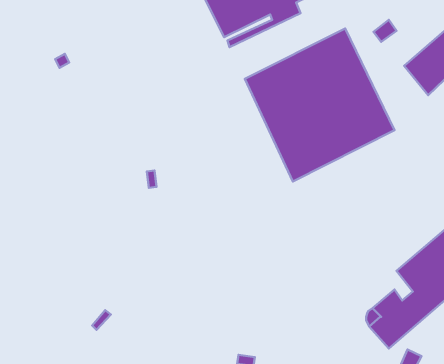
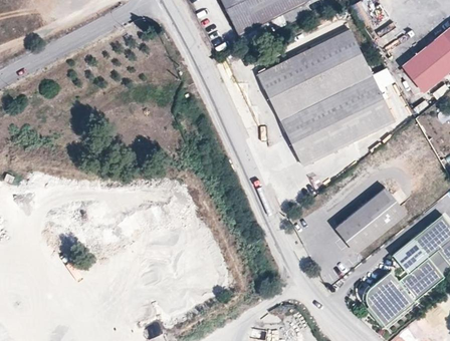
building: none -> [334,187,407,254]

